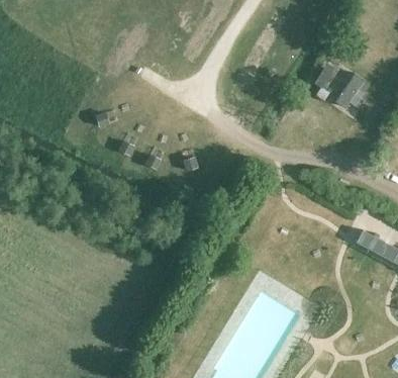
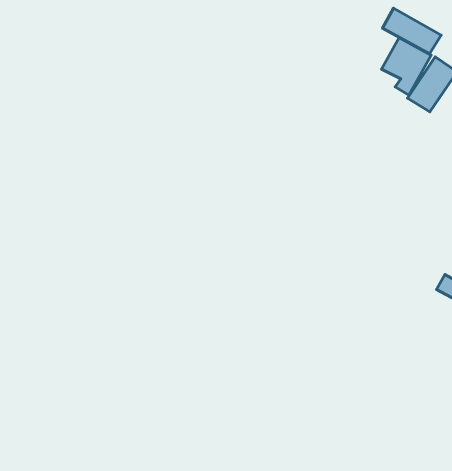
building: none -> [383,8,441,54]

